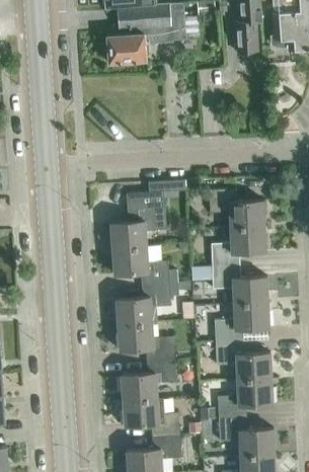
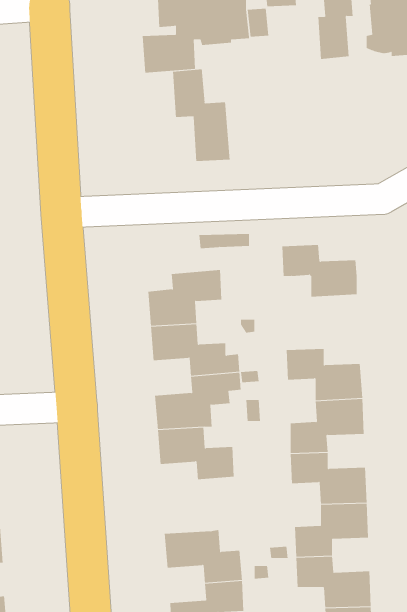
building: none -> [172,68,230,162]
building: [127,191,164,211] -> none
building: [211,226,265,266] -> none
building: [122,360,176,401] -> none

